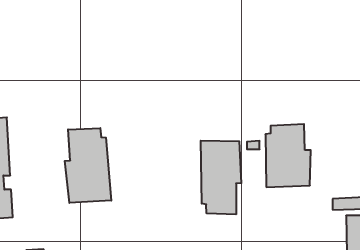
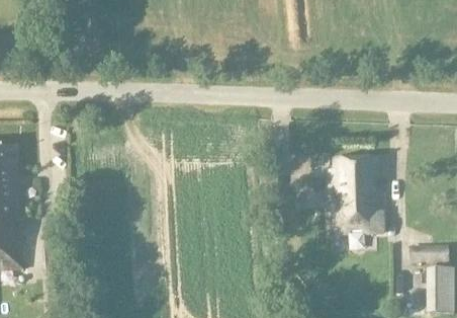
building: [65,128,111,203] -> none
building: [201,141,241,214] -> none

